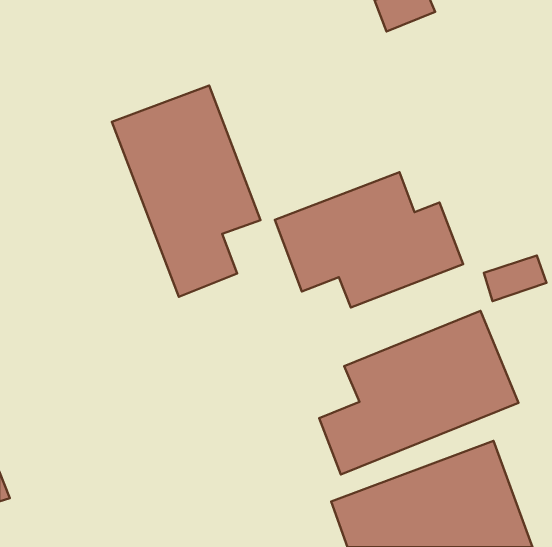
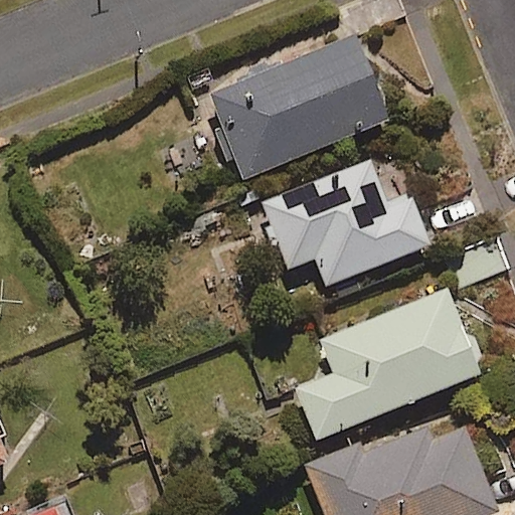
building: none -> [207,39,388,179]
building: [112,85,260,297] -> none

